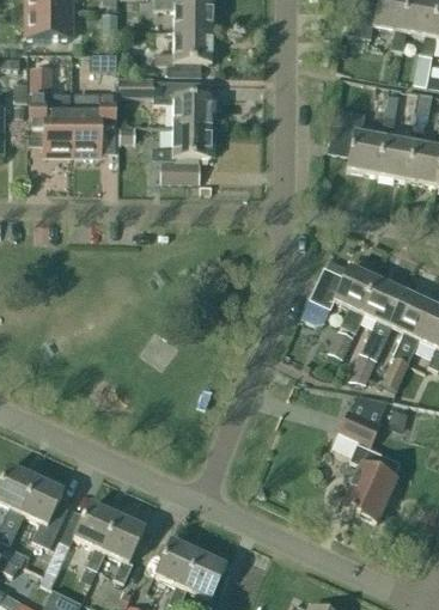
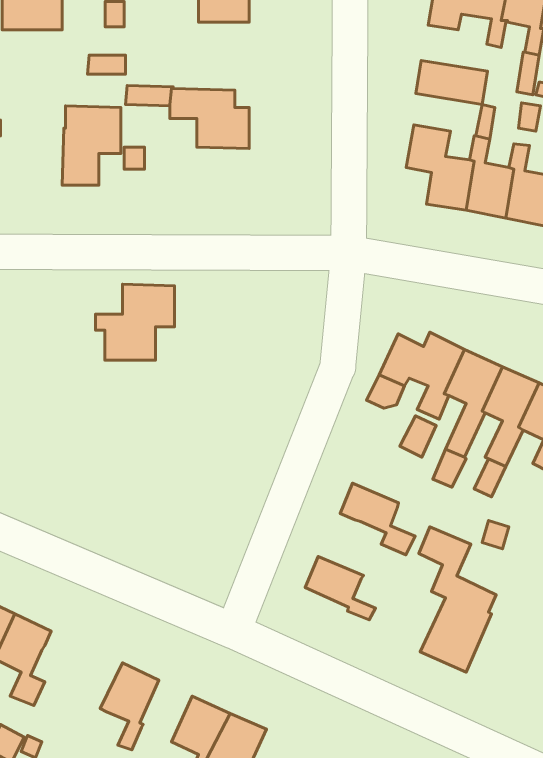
building: [156,29,213,74] -> none
building: none -> [416,61,487,104]
building: [30,65,73,152] -> none
building: [153,123,213,181] -> [95,284,175,360]
building: none -> [340,483,415,555]
building: none -> [305,556,375,620]
building: [60,501,117,567] -> none

